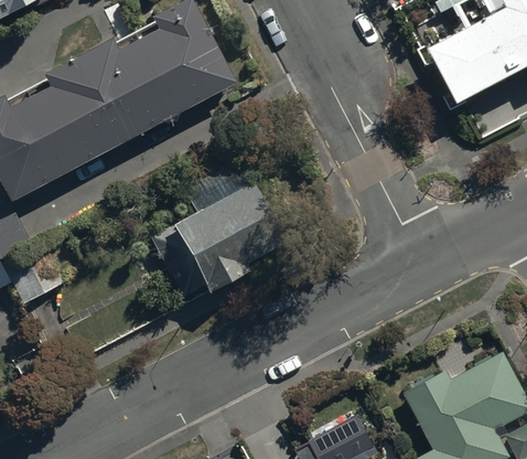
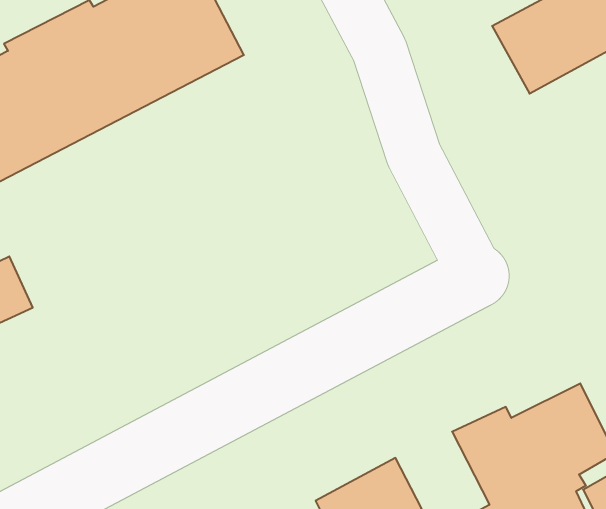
building: [151,152,283,296] -> none

